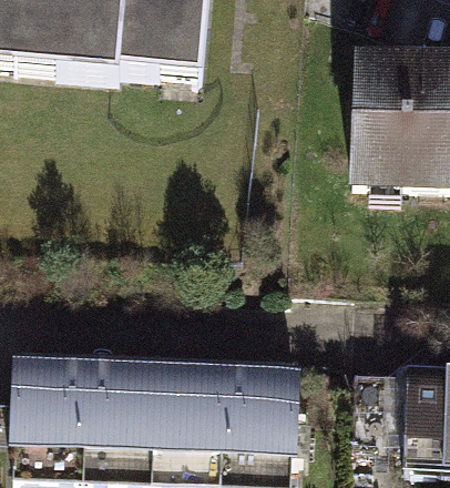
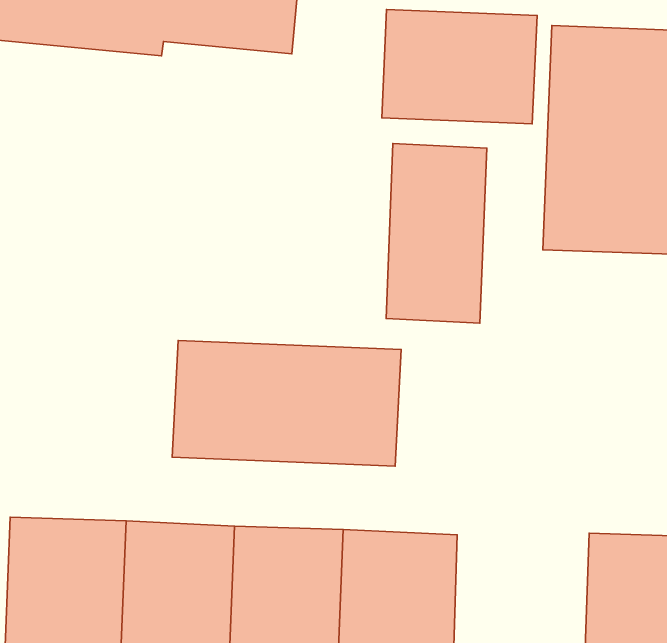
building: none -> [382,10,537,124]
building: none -> [386,144,487,323]
building: none -> [172,341,401,466]

